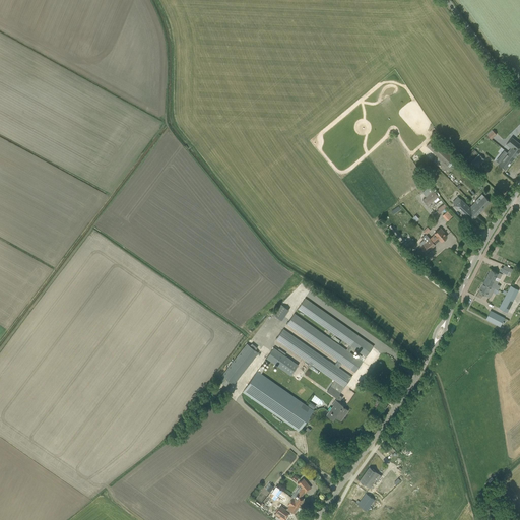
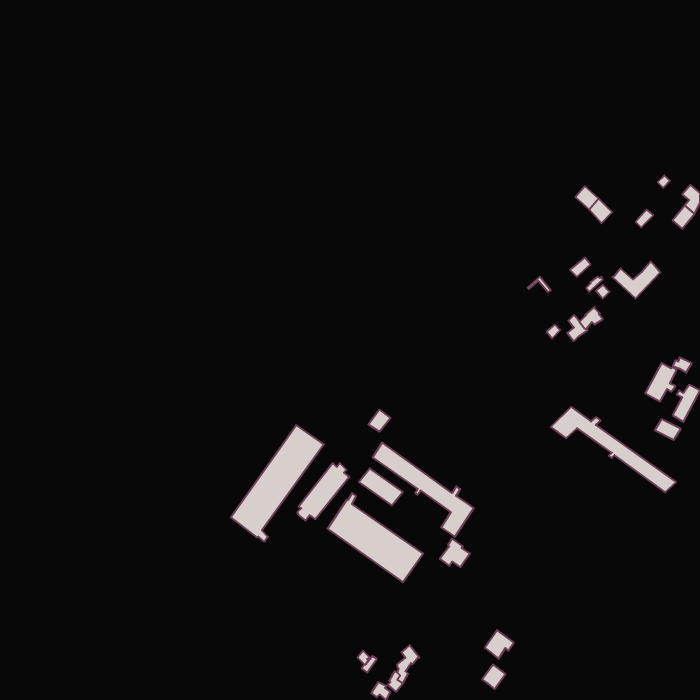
building: [286,298,374,372] -> none
building: none -> [551,407,676,492]
building: none -> [231,425,324,542]

